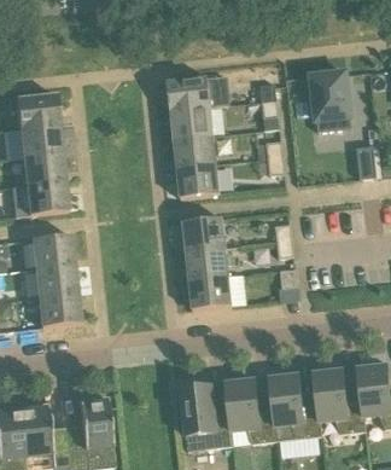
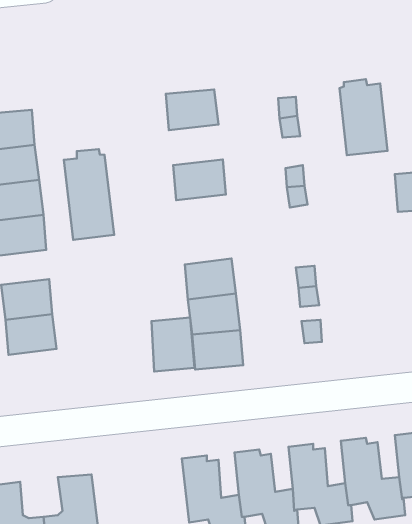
building: [169,106,214,140] -> none
building: none -> [64,149,114,240]
building: [175,164,220,198] -> none
building: none -> [151,318,195,372]
building: [36,292,80,326] -> none

